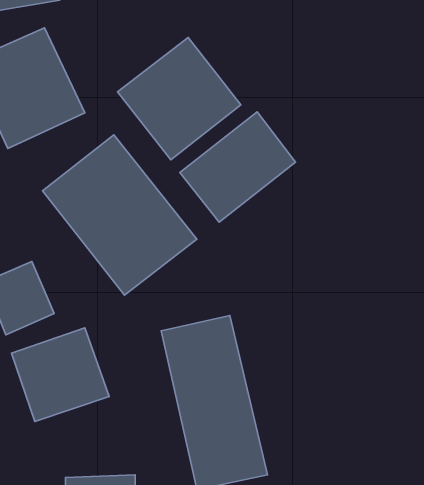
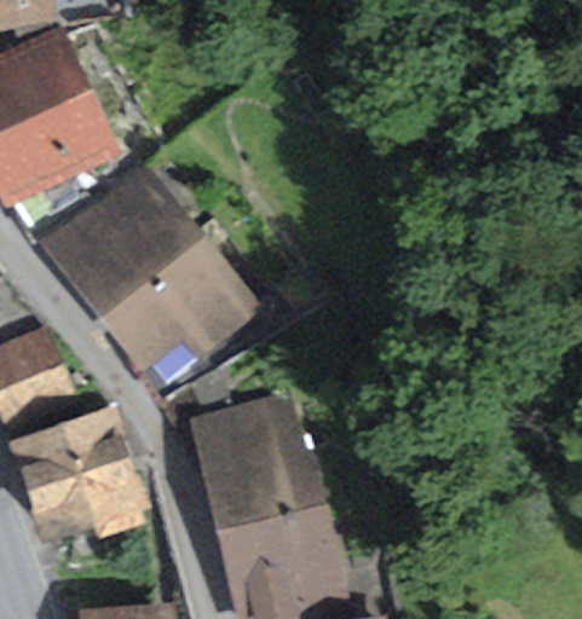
building: [117,38,241,160] -> none
building: [180,112,296,222] -> none

